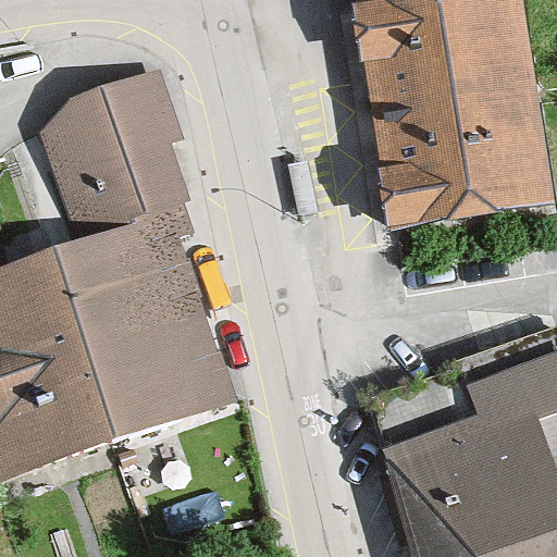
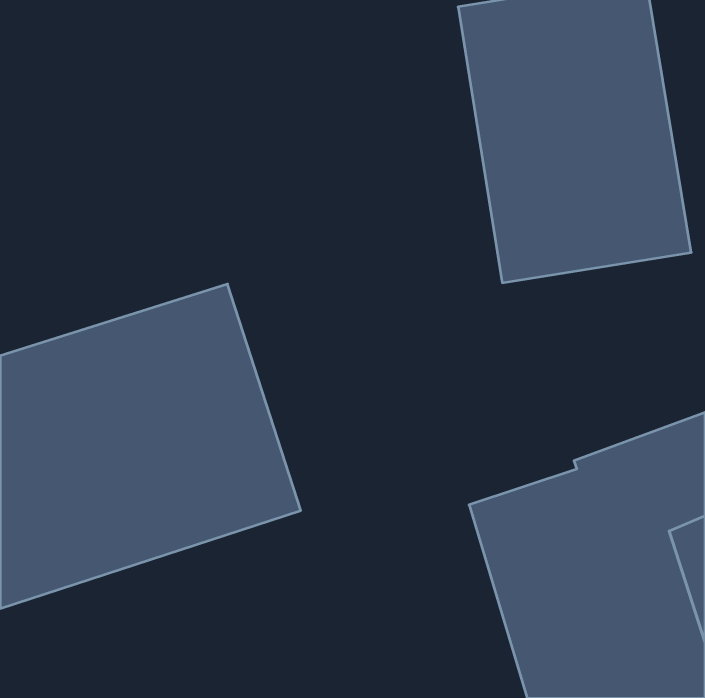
building: [33,74,188,245] -> none

